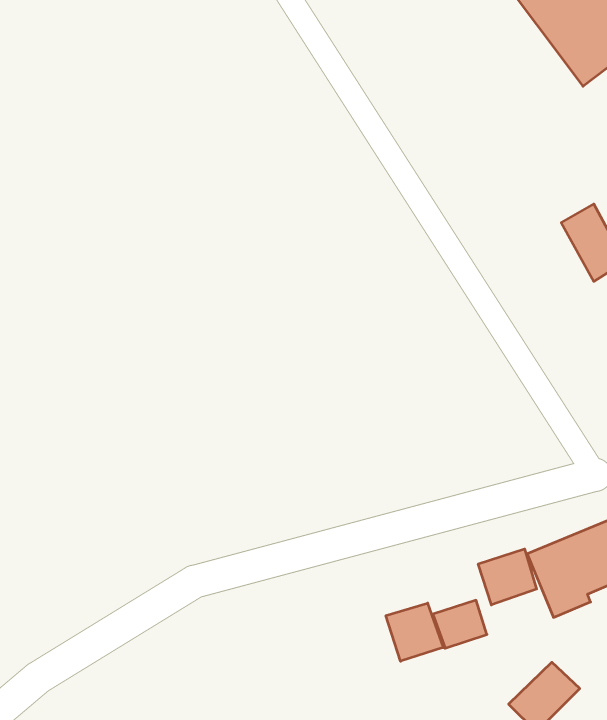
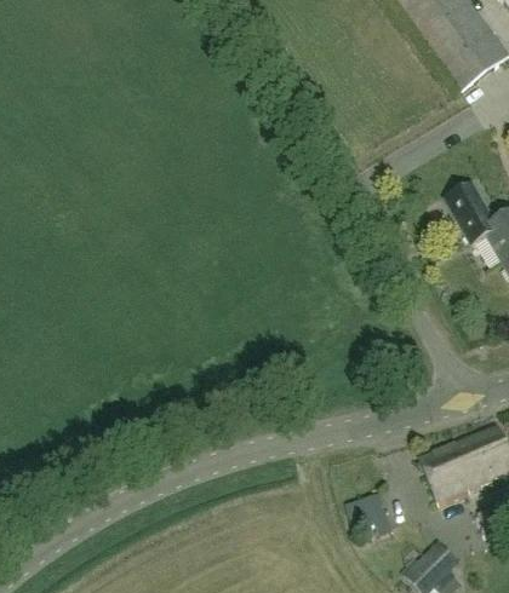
building: [478,549,537,605] -> none
building: [386,603,443,661] -> none

